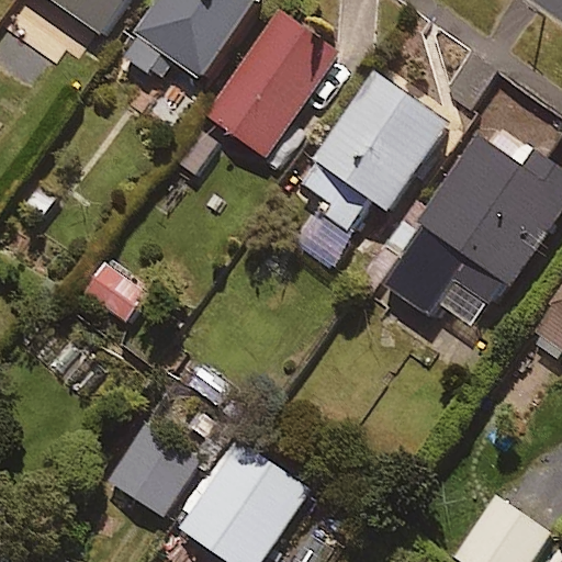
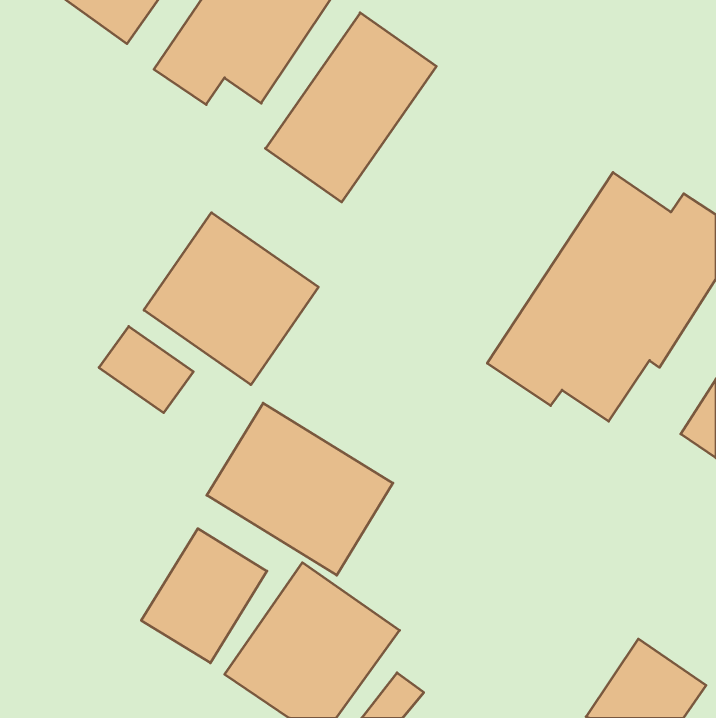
building: [292,70,450,229] -> none
building: none -> [144,213,318,385]
building: none -> [207,403,393,575]

